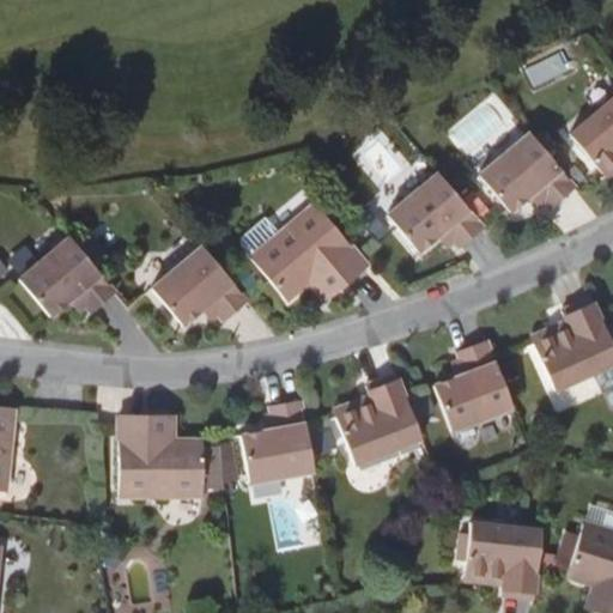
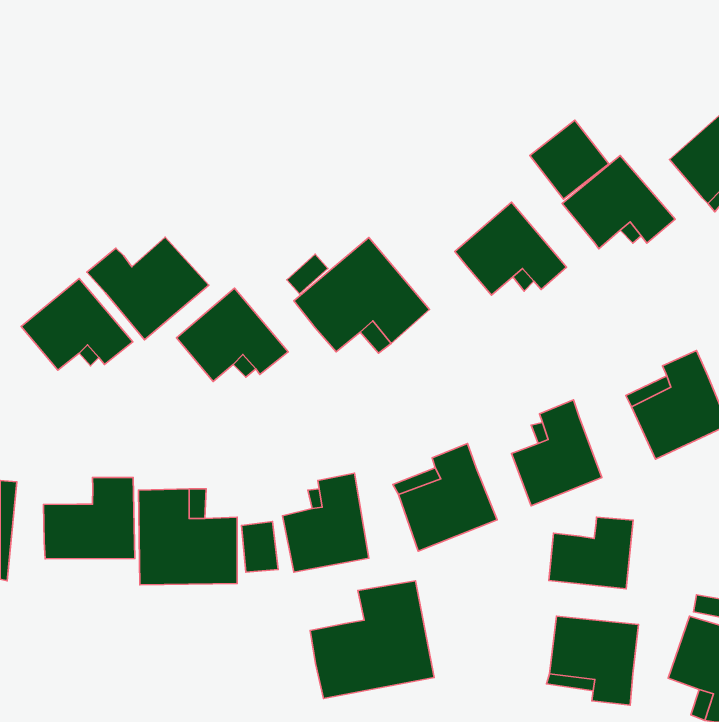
building: none -> [87,237,209,340]
building: none -> [44,477,135,559]
building: none -> [549,517,633,589]
building: none -> [310,581,434,698]

